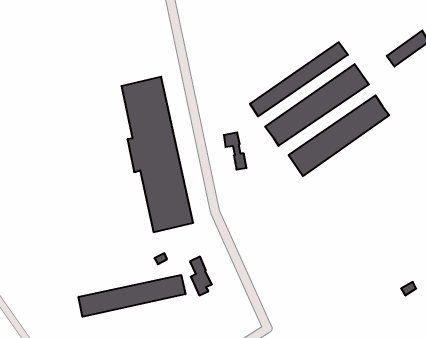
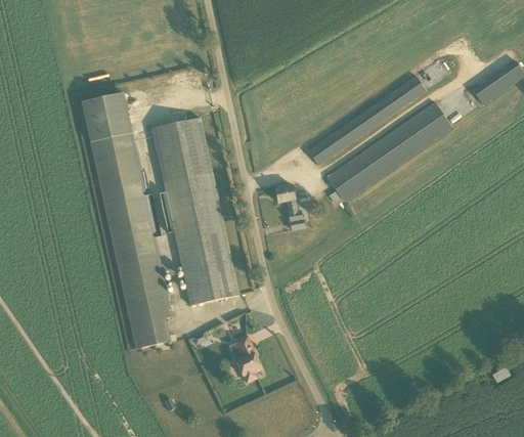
building: none -> [81,93,175,349]
building: [289,95,389,176] -> none
building: [79,275,185,317] -> none

